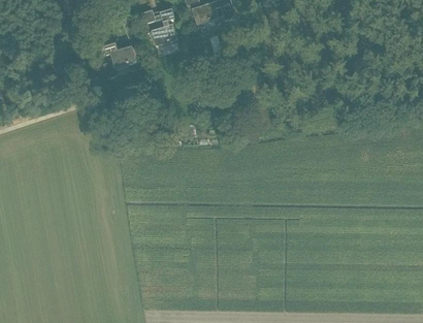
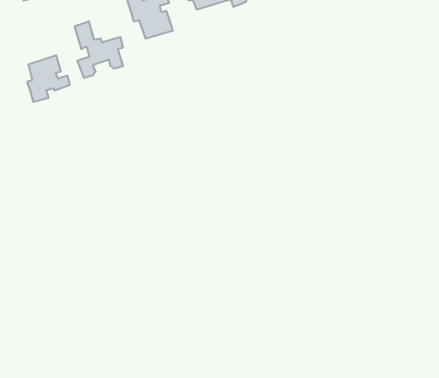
building: none -> [27,55,70,102]

